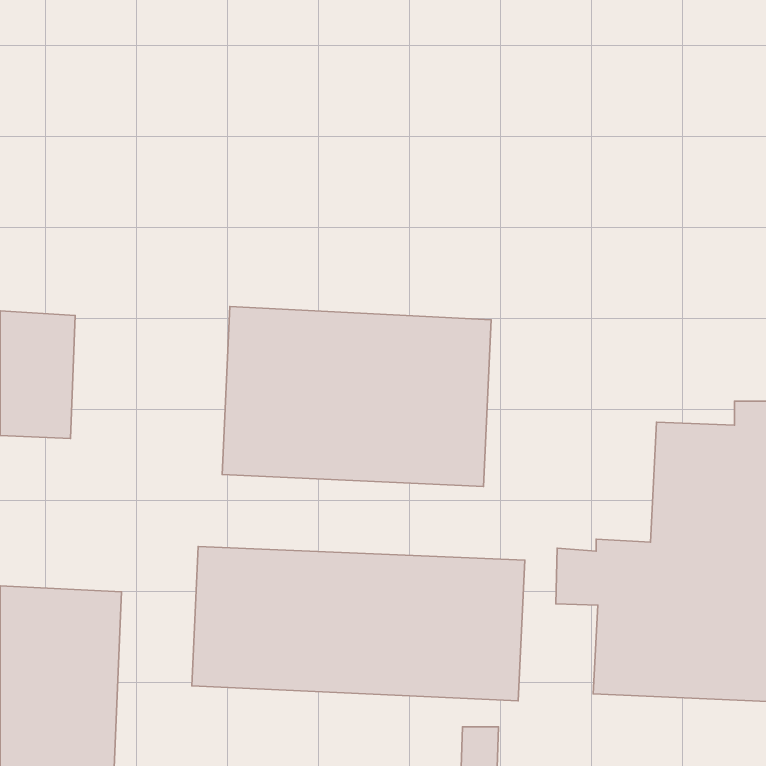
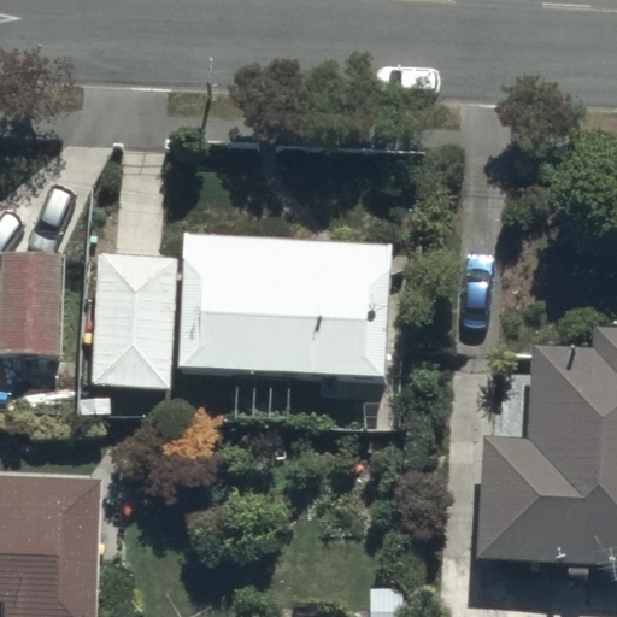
building: none -> [90,252,176,384]
building: [192,546,525,701] -> none

